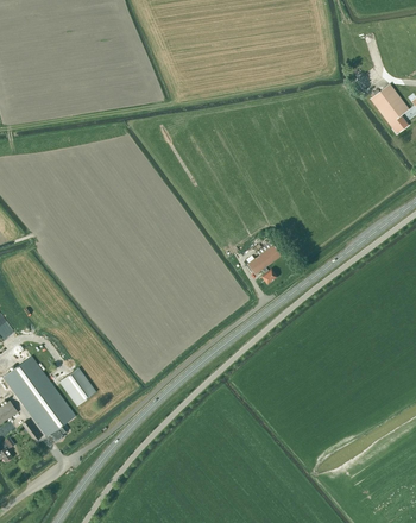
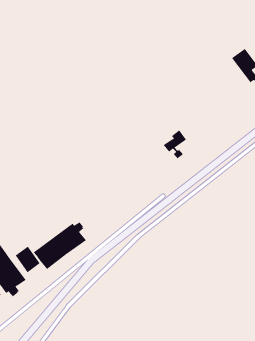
building: [247,241,282,284] -> [163,129,187,159]
building: none -> [33,221,87,270]

